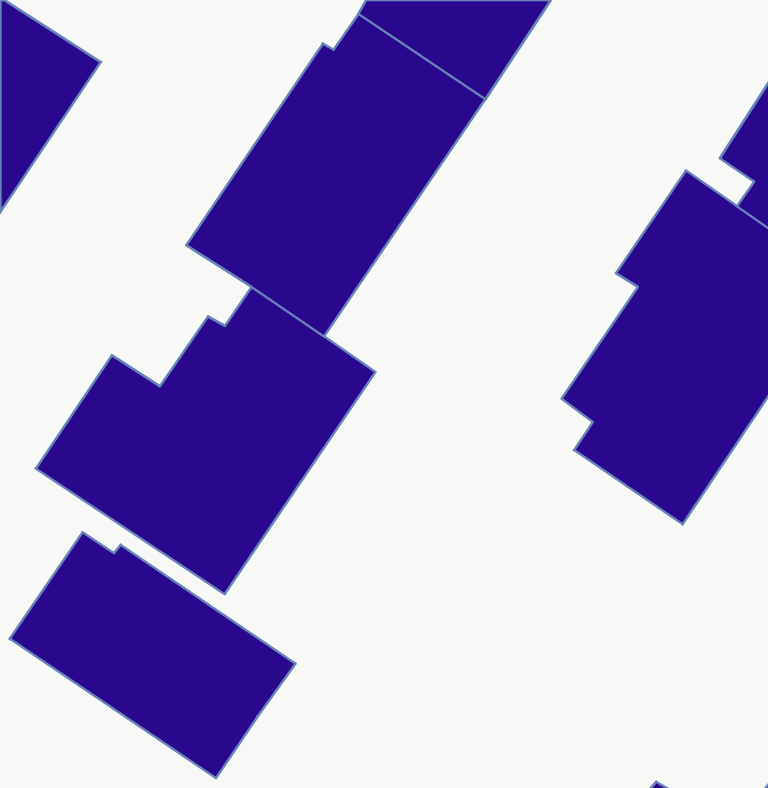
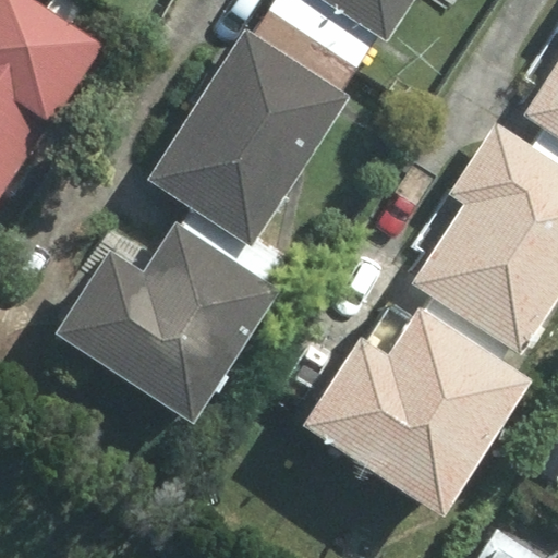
building: none -> [291,308,511,514]
building: [10,532,295,778] -> none

